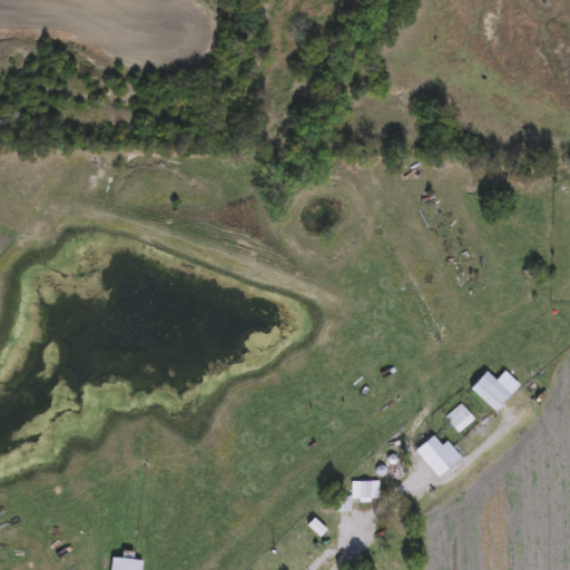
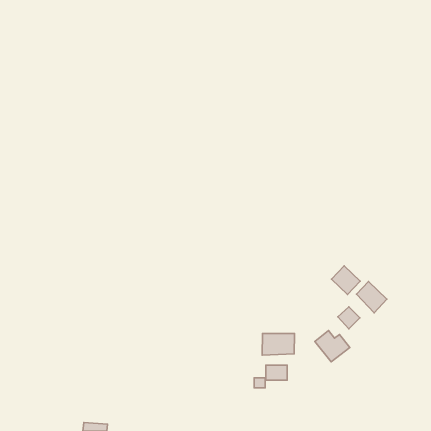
building: none -> [331,266,360,295]
building: none -> [262,334,294,355]

